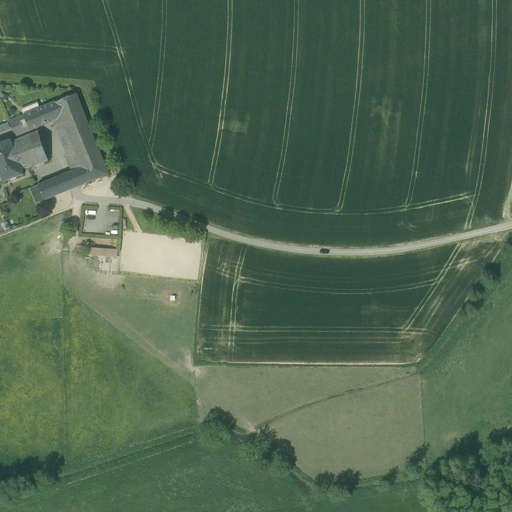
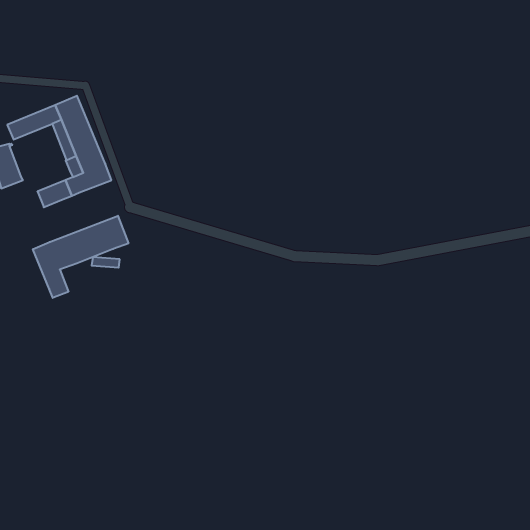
building: [9,130,46,169] -> none
building: none -> [33,216,128,298]

